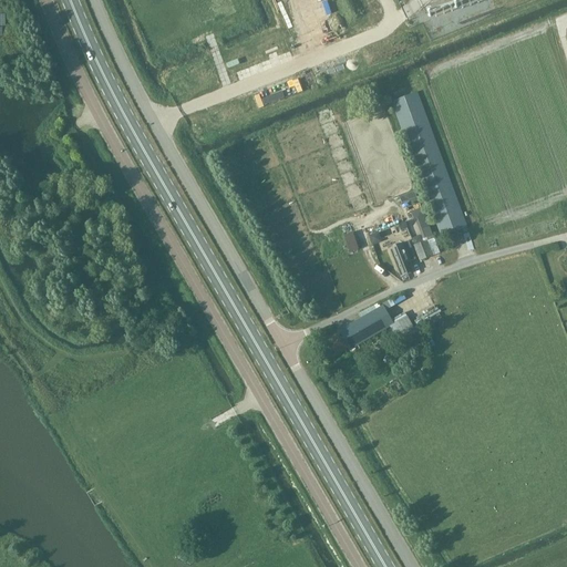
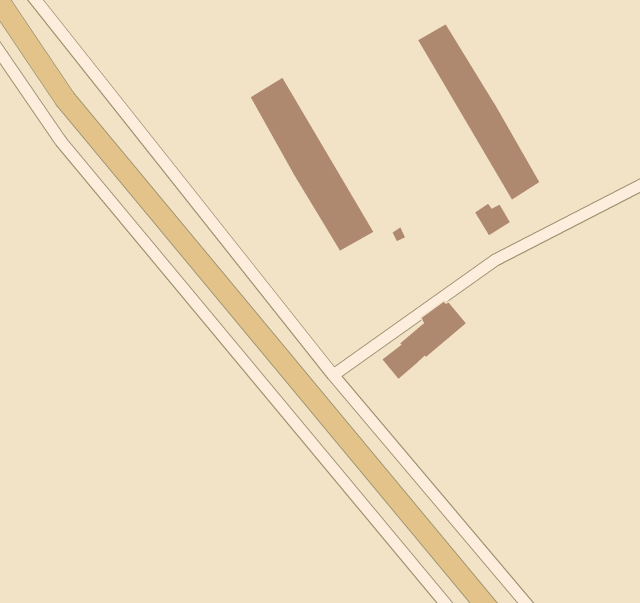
building: none -> [250,77,374,251]
building: [390,239,414,275] -> none

